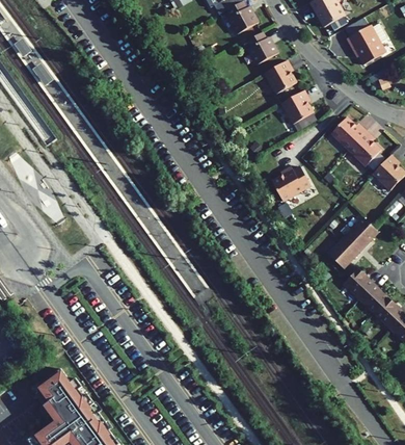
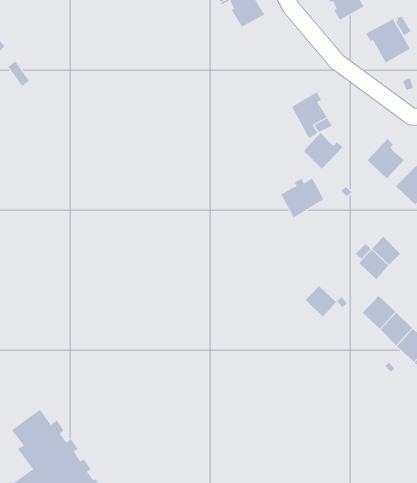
building: [246,32,278,66] -> none
building: [265,60,296,94] -> none
building: [331,117,367,151] -> [303,132,343,170]
building: [328,241,356,269] -> [305,285,337,317]

